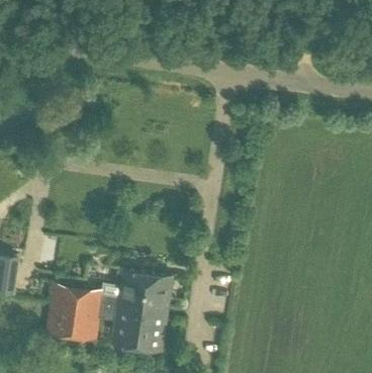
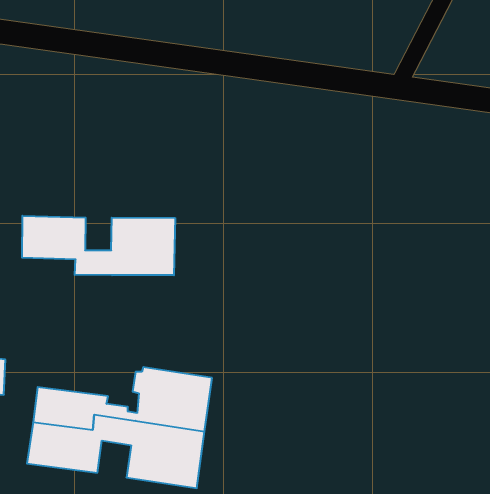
building: none -> [22,216,175,275]

